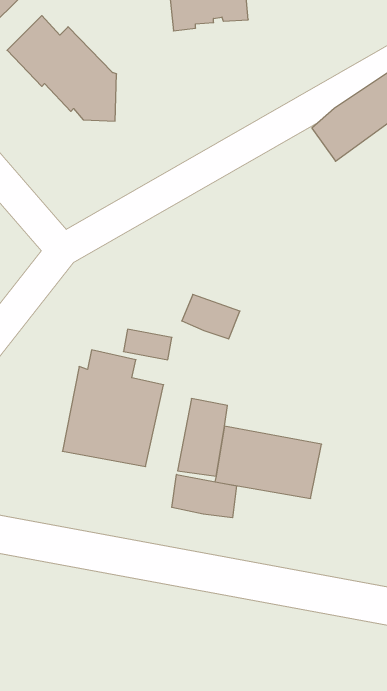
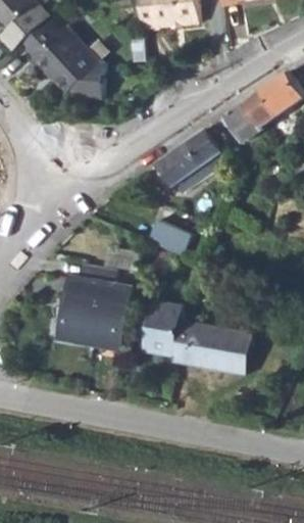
building: none -> [218,101,262,142]
building: none -> [156,127,220,184]
building: [172,474,237,518] -> none

